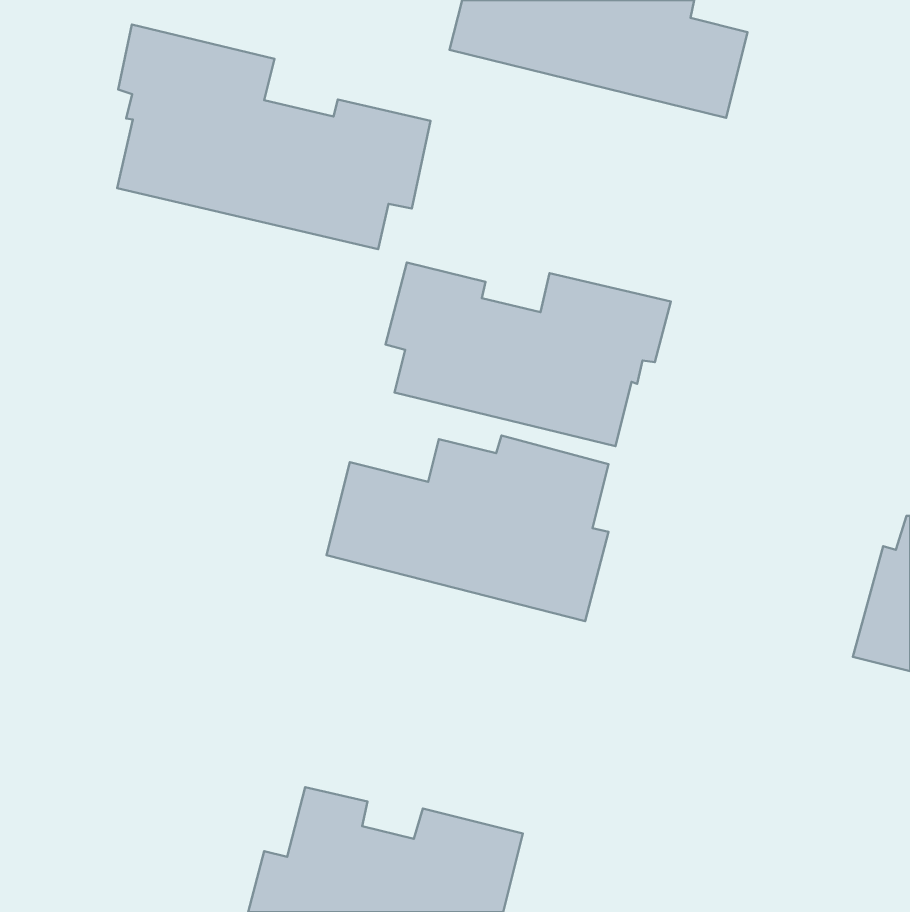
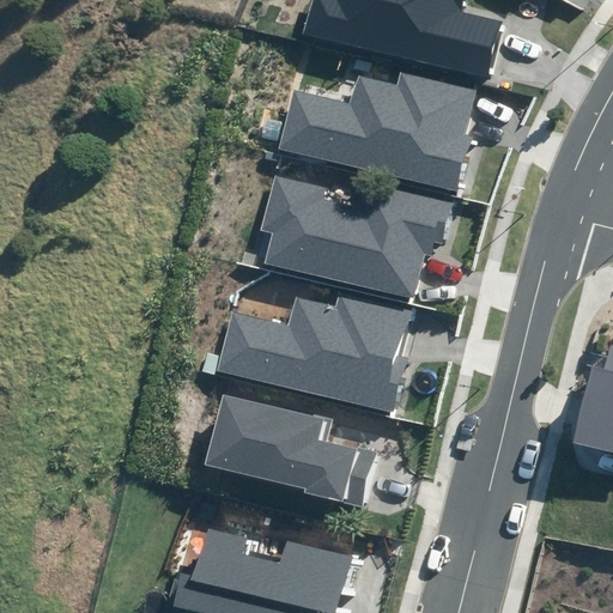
building: [117,24,431,249] -> none
building: none -> [280,72,475,190]
building: none -> [206,393,377,508]

